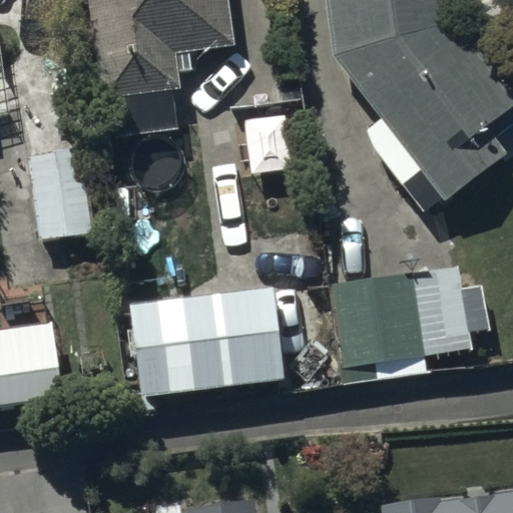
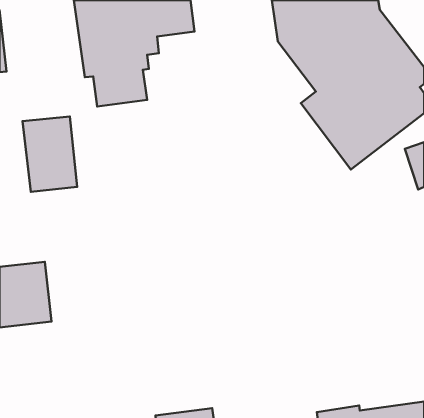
building: [300,268,466,386] -> none
building: [132,285,286,394] -> none

